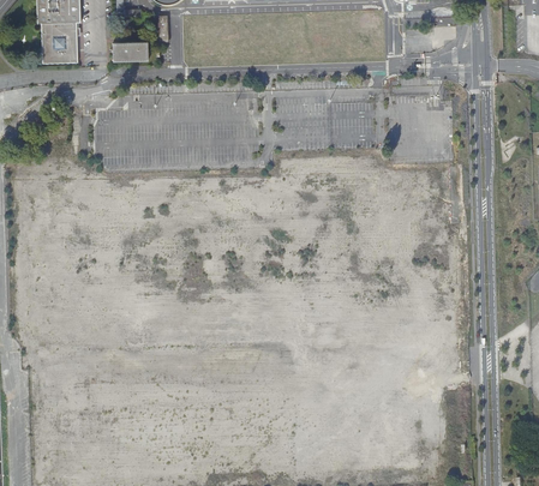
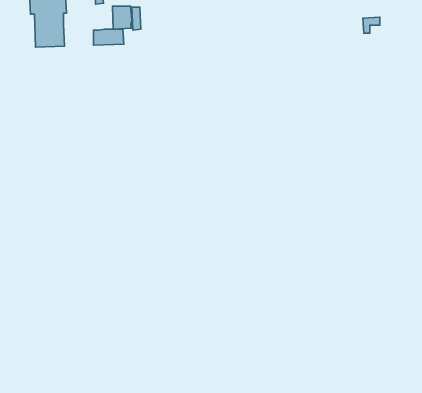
building: none -> [113,6,132,29]

